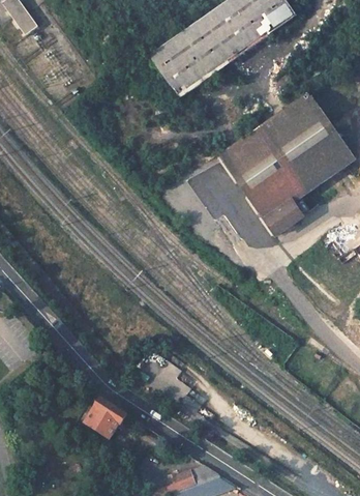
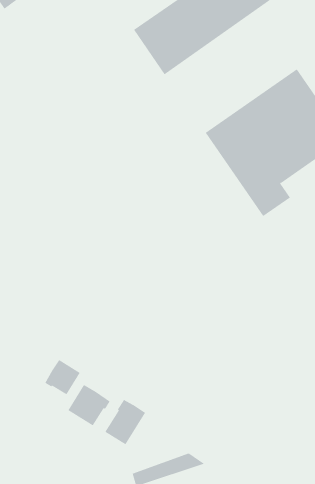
building: none -> [44,359,81,395]
building: none -> [105,399,146,445]

